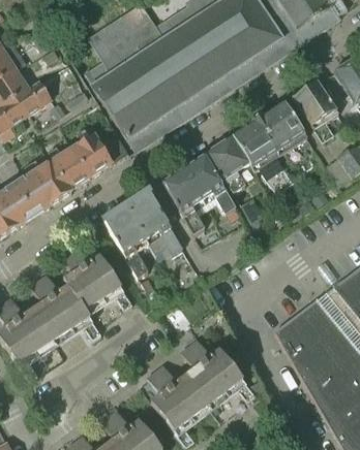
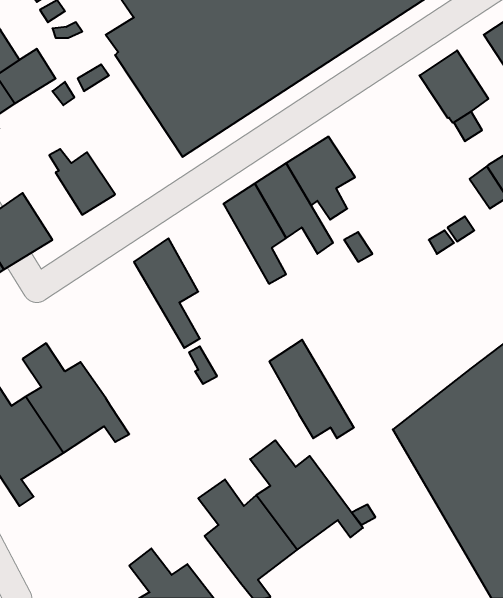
building: [232,102,309,175] -> none
building: [72,127,112,175] -> none
building: [24,159,71,205] -> none
building: [126,190,182,255] -> [269,340,354,438]
building: [61,244,131,315] -> none

